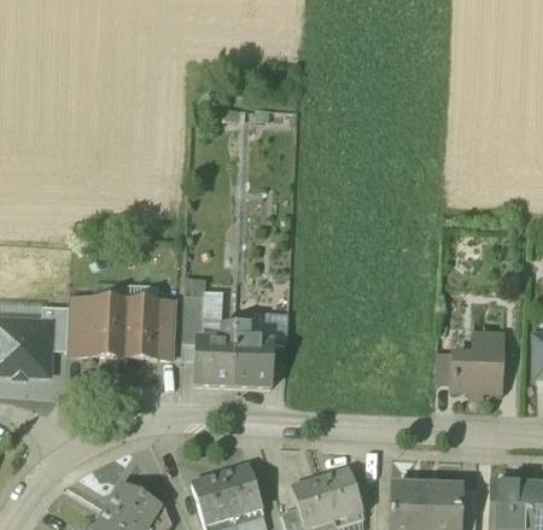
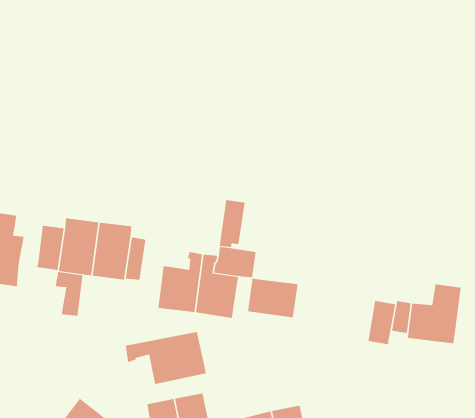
building: [182,295,205,343] -> [219,199,246,247]
building: [41,307,69,350] -> [55,271,83,316]
building: none -> [247,278,298,318]
building: none -> [368,300,396,345]
building: none -> [125,331,207,385]

